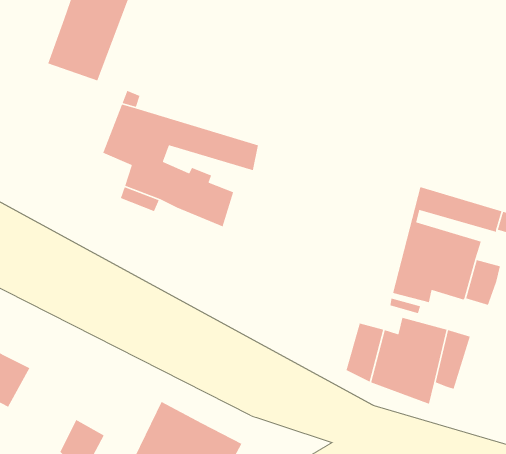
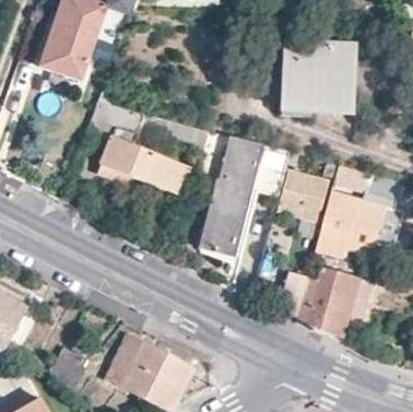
building: none -> [281,43,354,113]
building: none -> [196,131,290,260]
building: none -> [280,173,328,221]

